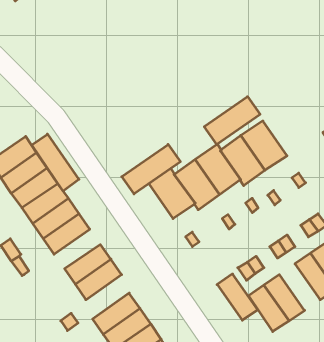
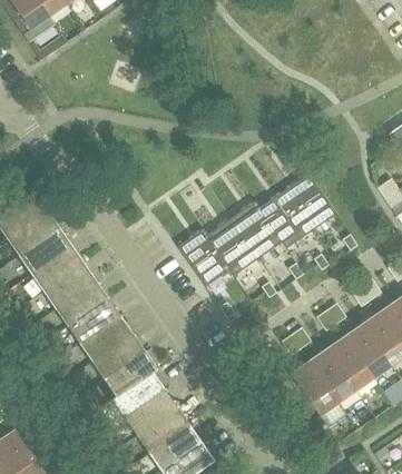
building: [204,97,260,144] -> none
building: [32,134,79,191] -> none
building: [122,144,180,194] -> none
building: none -> [68,297,121,343]
building: [217,274,258,320] -> [327,337,374,391]
building: none -> [105,349,159,401]

